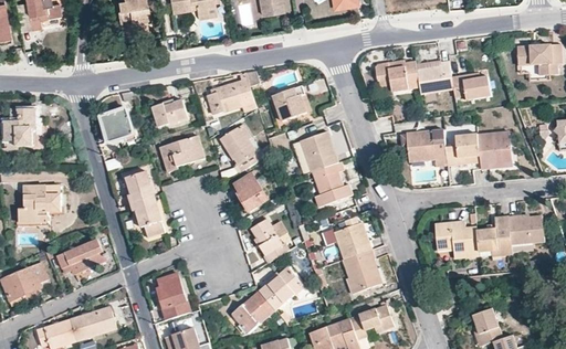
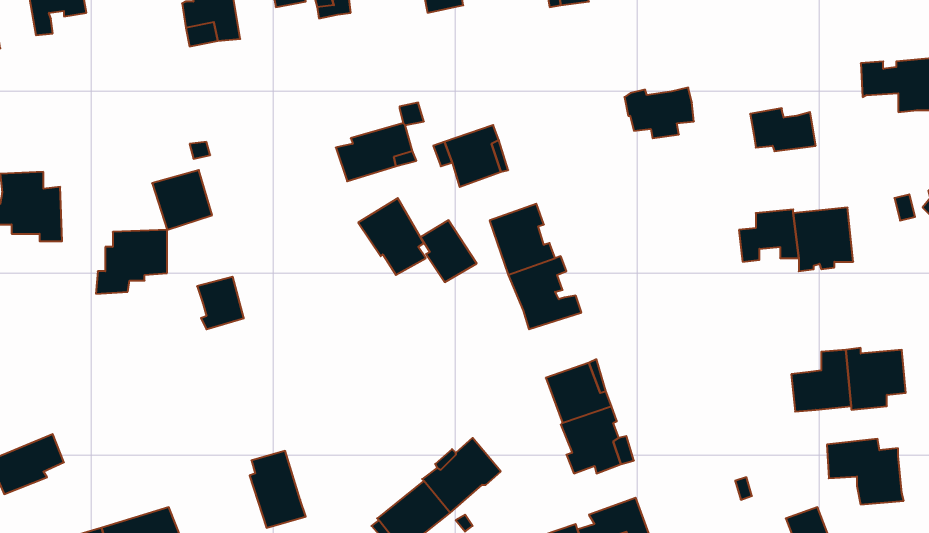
building: [417,60,453,94] -> none
building: [151,103,187,128] -> none
building: [406,127,447,165] -> none
building: [159,137,203,173] -> none
building: [234,176,268,212] -> [420,220,477,282]
building: [18,187,60,224] -> [96,230,167,294]
building: [130,197,164,239] -> none
building: [251,220,287,262] -> none
building: [433,220,479,258] -> [827,439,904,504]
building: [57,240,107,274] -> none

